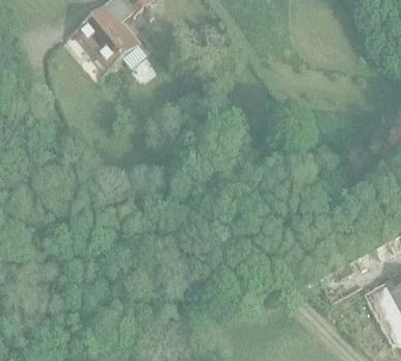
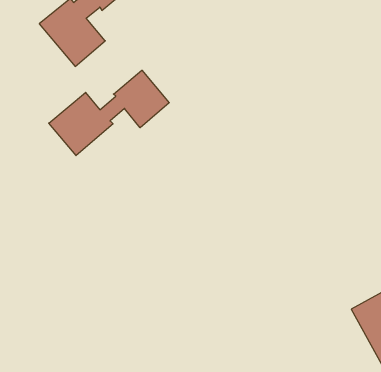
building: none -> [49,70,169,156]

